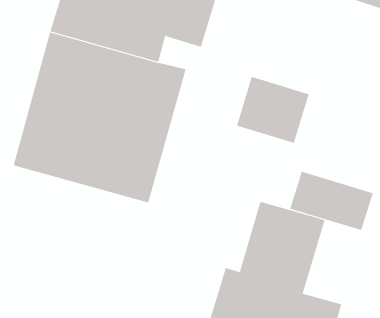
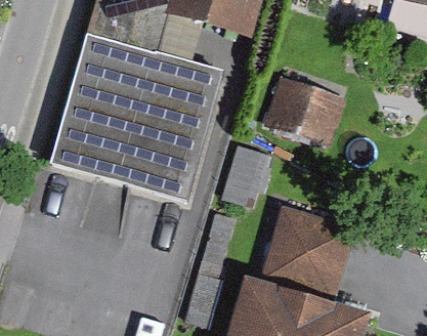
building: [289,171,373,231] -> none

